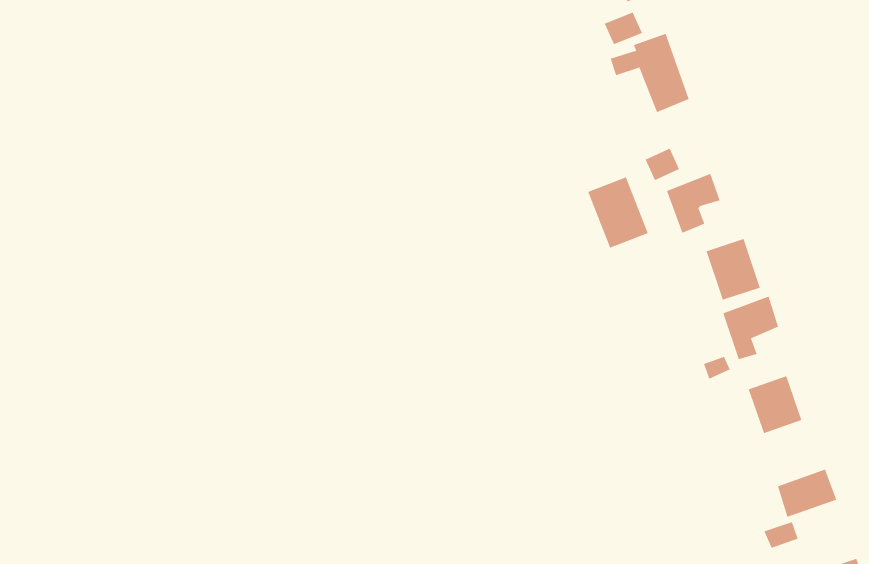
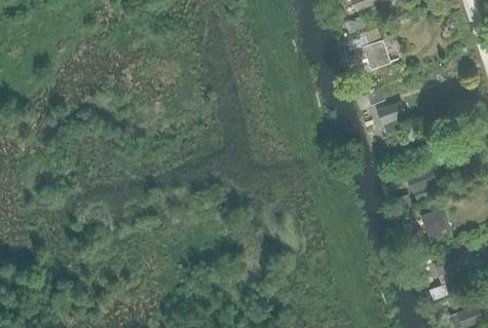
building: [588,176,648,249] -> none
building: [706,238,761,301] -> none

